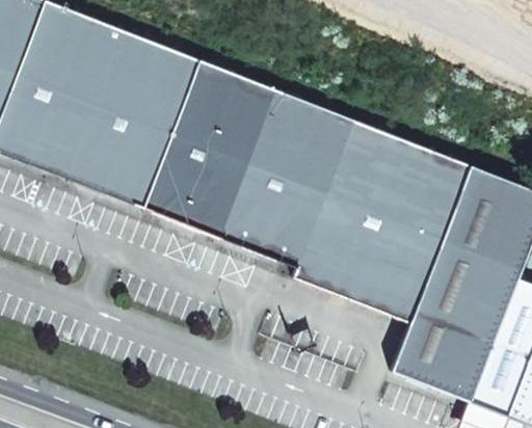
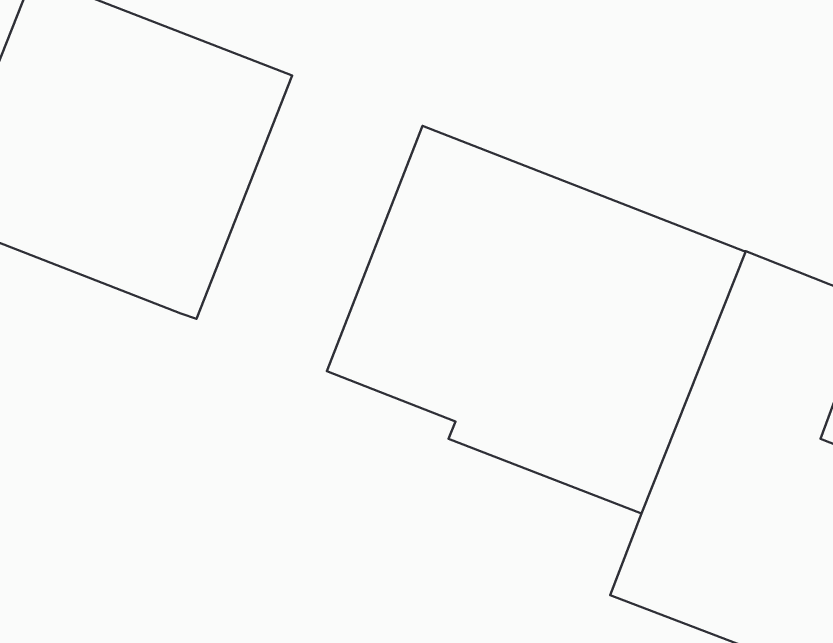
building: [142,59,277,236] -> none

